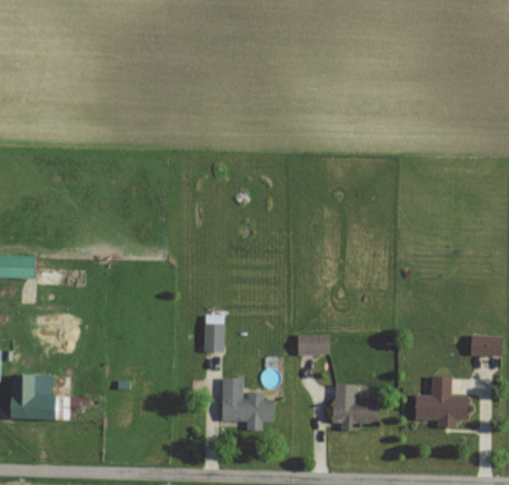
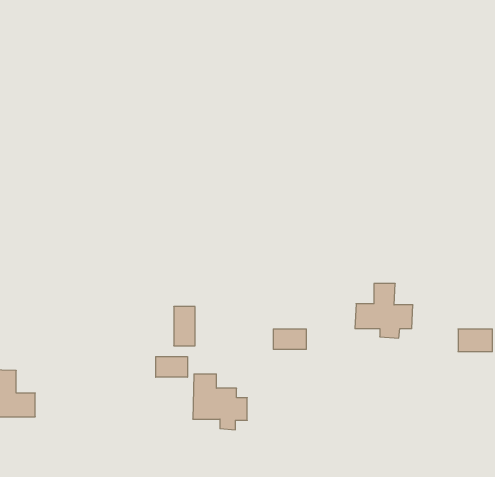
building: none -> [156,357,187,377]
building: [413,377,468,428] -> [355,284,413,338]
building: [332,385,378,430] -> none

